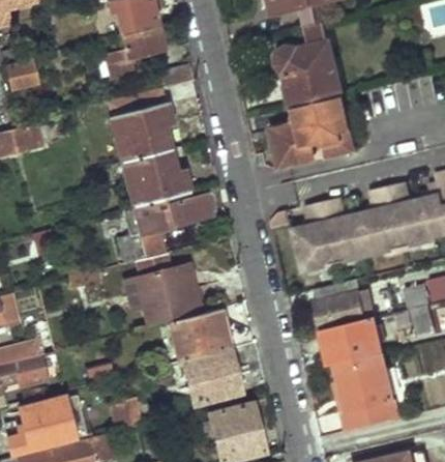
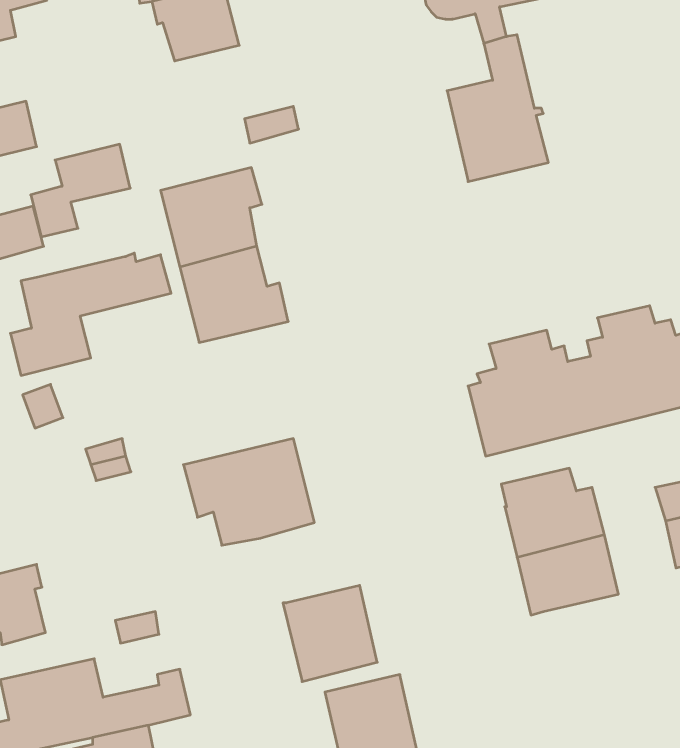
building: [106,28,165,83] -> [31,144,130,237]
building: [270,97,351,165] -> none
building: [119,190,214,262] -> [10,253,171,375]
building: [171,307,230,358] -> none
building: [335,353,398,431] -> none

